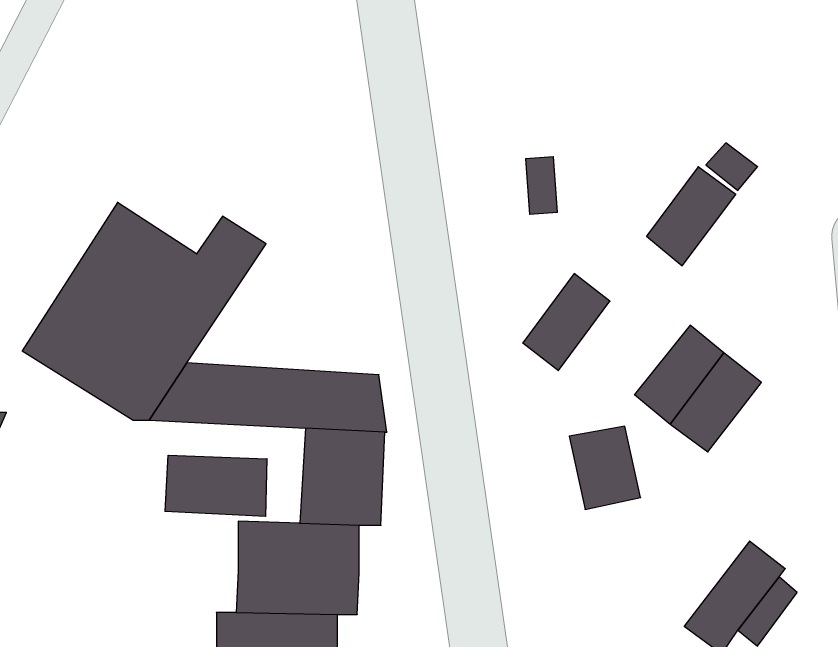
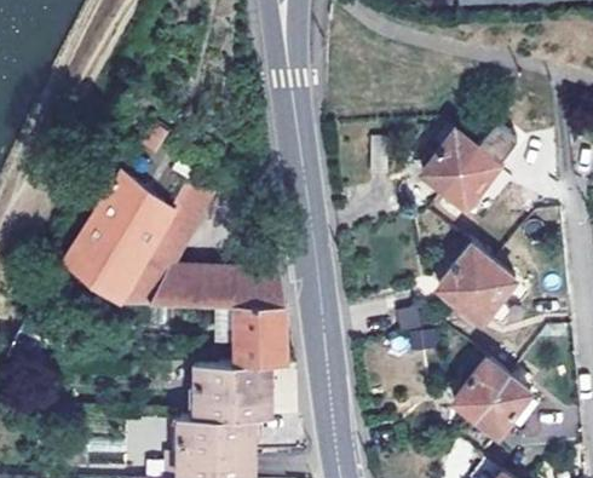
building: [523,274,610,371] -> [422,131,476,190]
building: [165,455,267,516] -> none
building: none -> [445,359,507,428]

